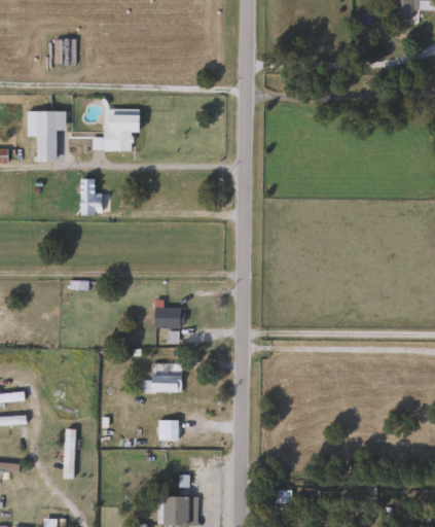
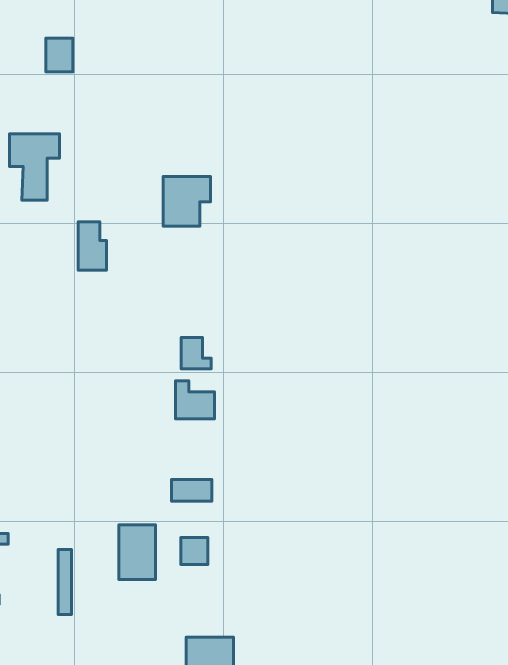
building: [104,113,140,151] -> [163,176,211,226]
building: none -> [181,338,211,369]
building: none -> [119,525,155,579]

